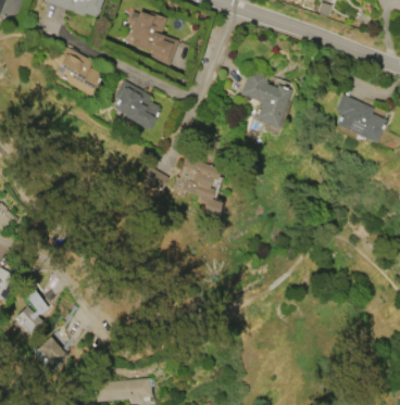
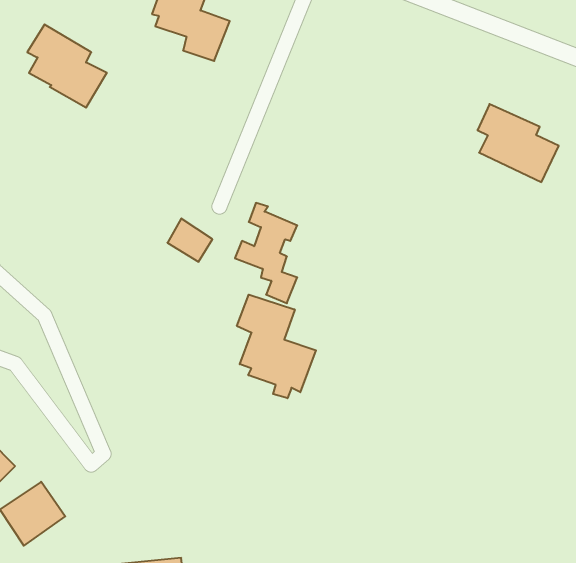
building: [241,71,291,127] -> none
building: [112,79,161,129] -> none
building: none -> [237,295,316,398]

